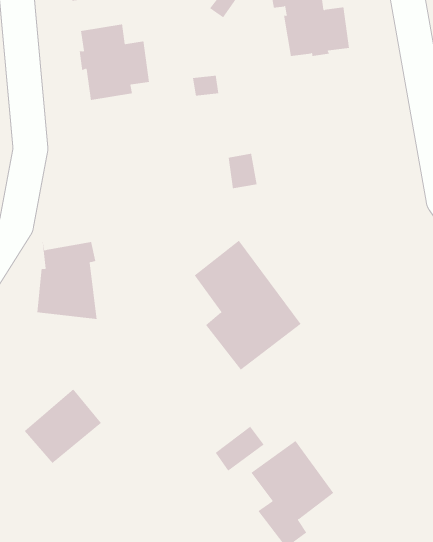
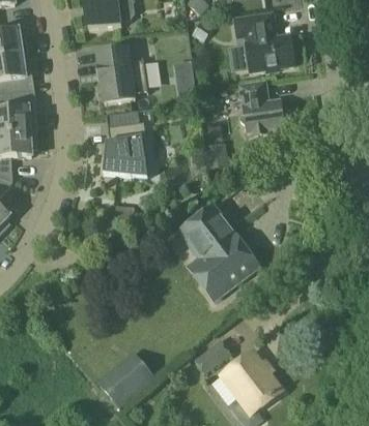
building: none -> [238,79,284,134]
building: [36,233,97,320] -> [103,113,147,176]
building: [24,389,102,464] -> [95,349,152,404]

